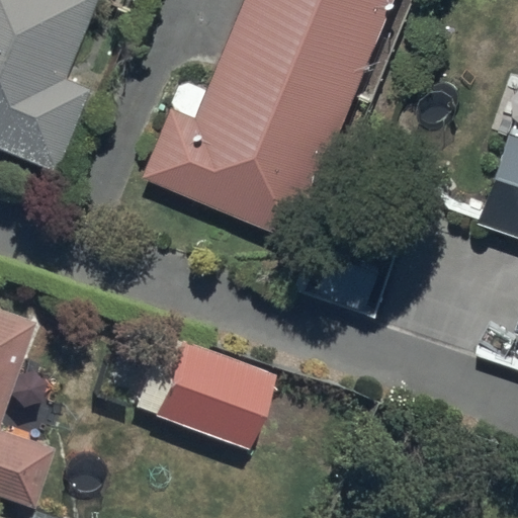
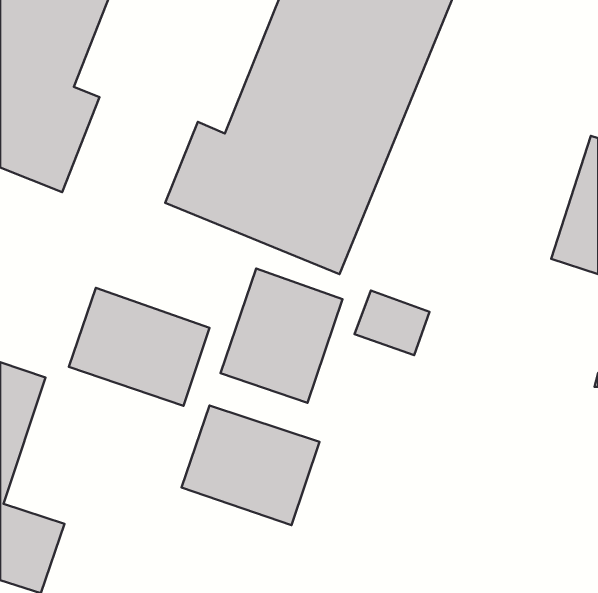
building: none -> [220,268,342,403]
building: none -> [69,288,210,406]

